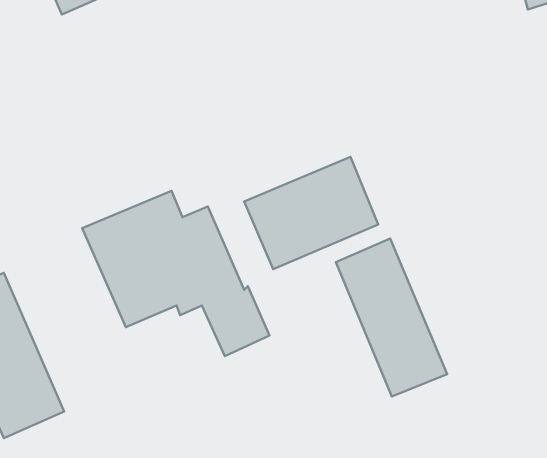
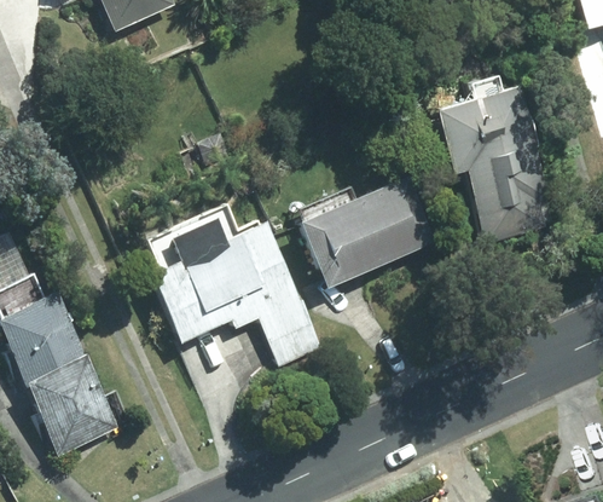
building: none -> [434,82,551,242]
building: [336,239,447,397] -> none

